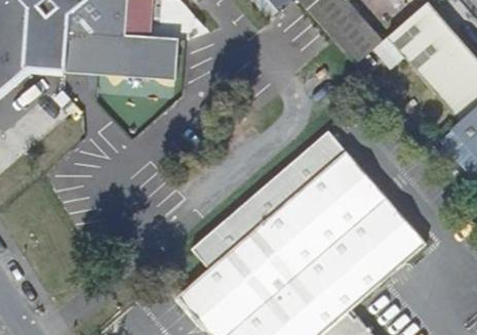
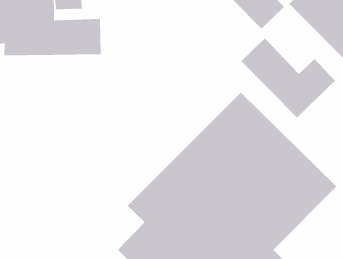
building: none -> [241,38,336,119]

